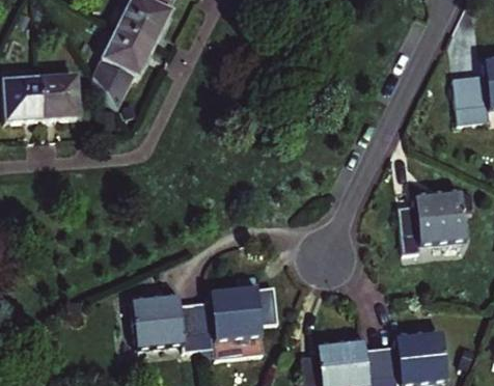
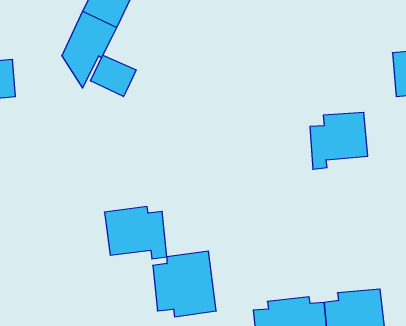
building: none -> [90,55,136,97]
building: [42,76,80,118] -> none
building: [404,189,467,251] -> [310,112,368,169]
building: [132,298,200,355] -> [104,207,167,259]

